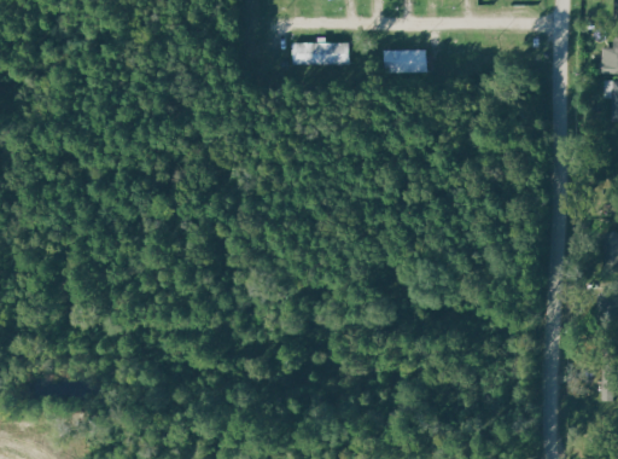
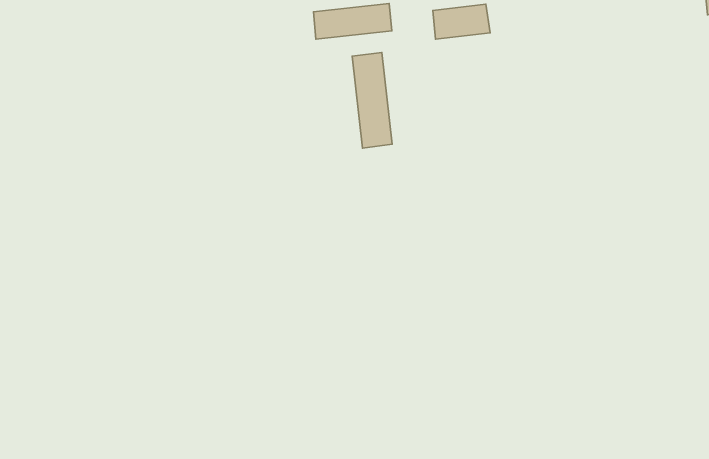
building: none -> [352,52,392,148]

